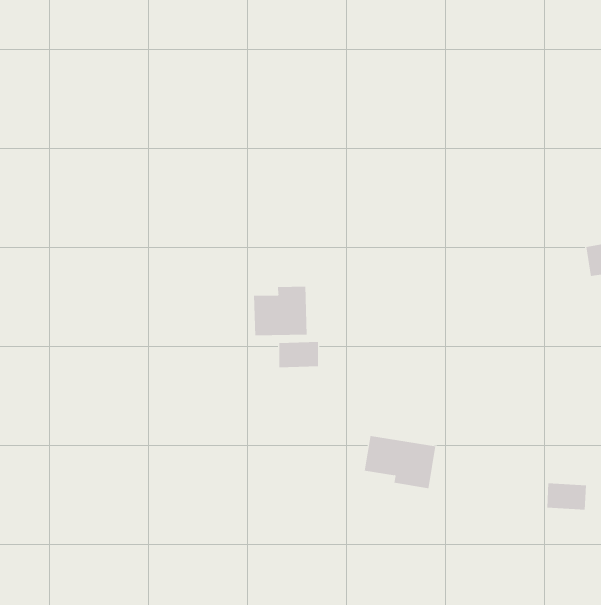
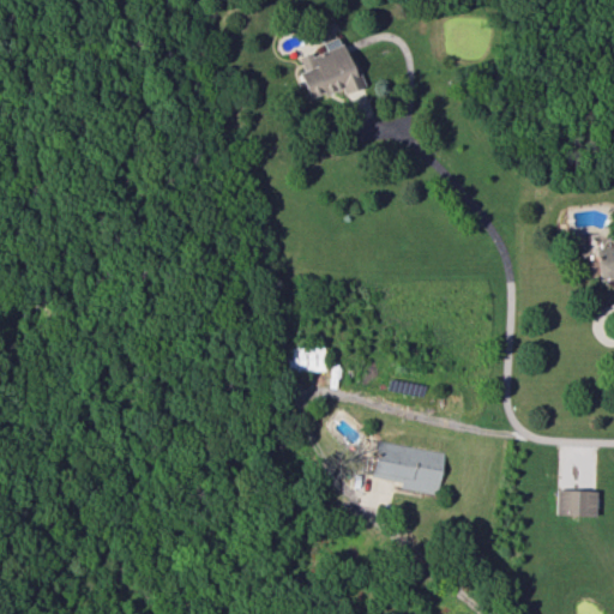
building: none -> [301,46,367,101]
building: [254,286,307,336] -> none

